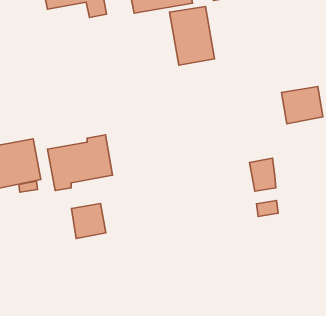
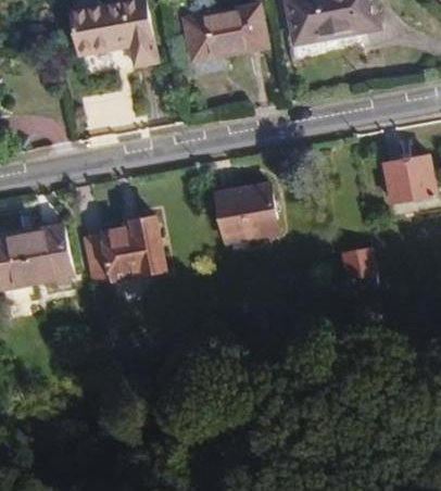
building: [170,7,215,65] -> none
building: none -> [216,181,278,241]
building: [71,203,106,238] -> none

